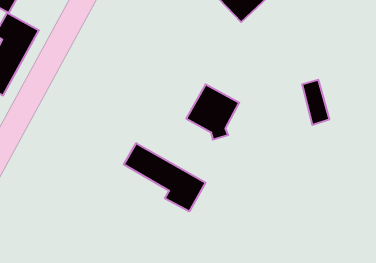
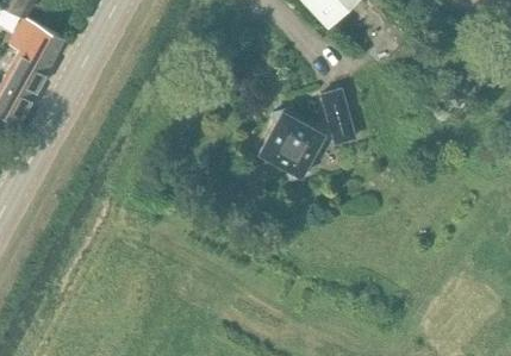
building: [302,80,329,125] -> [320,89,356,148]
building: [124,143,206,211] -> none

